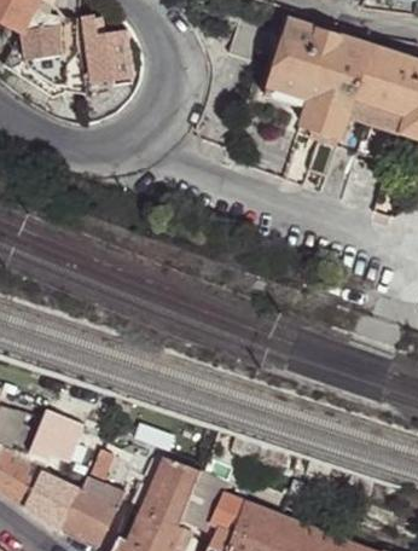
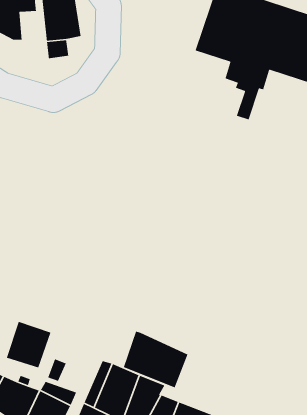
building: none -> [123,331,189,389]

